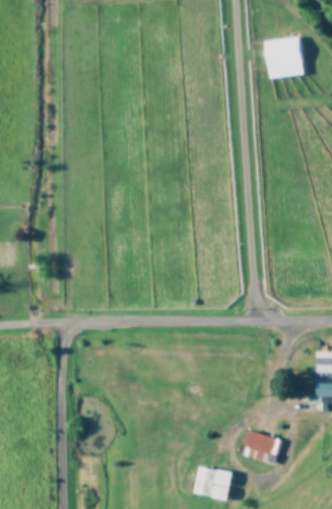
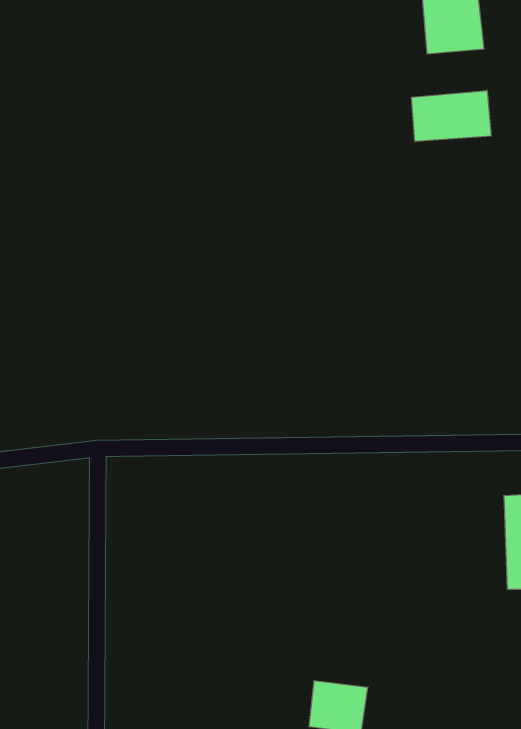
building: none -> [411,90,491,142]
building: [242,430,282,464] -> none

